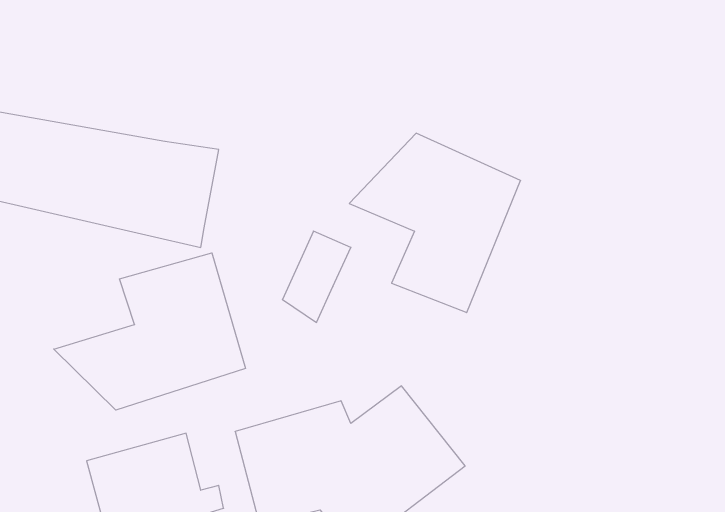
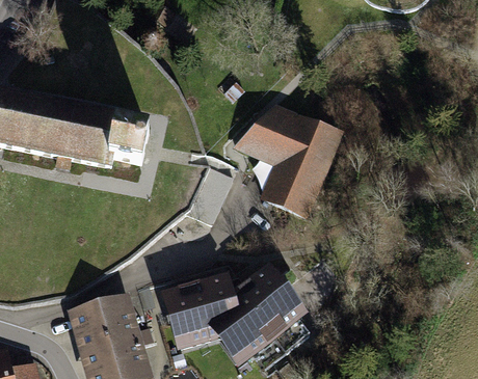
building: [54,253,246,410] -> none

